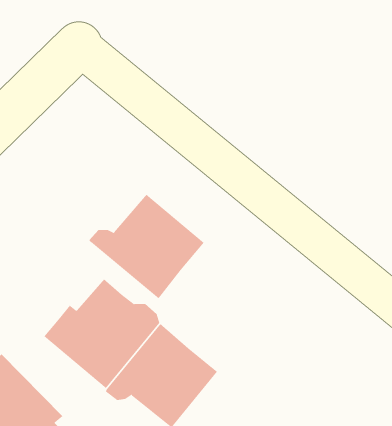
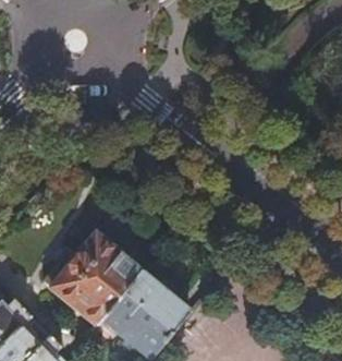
building: [89,194,204,299] -> none

